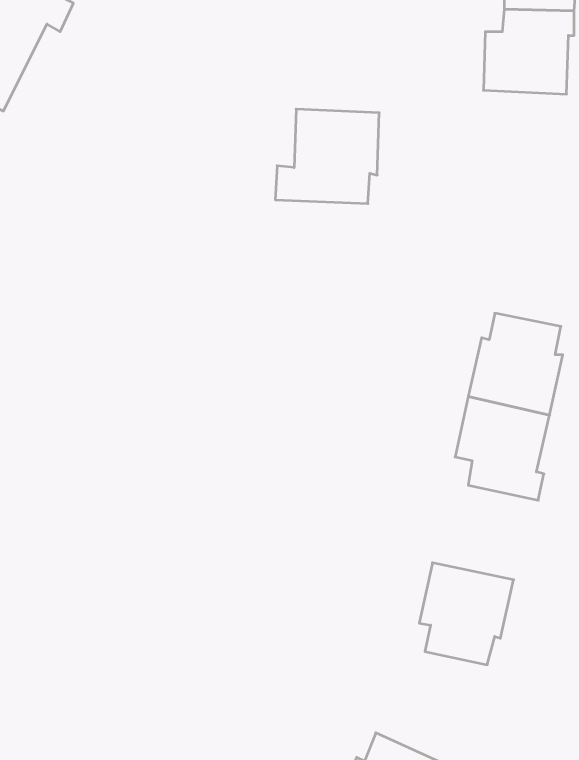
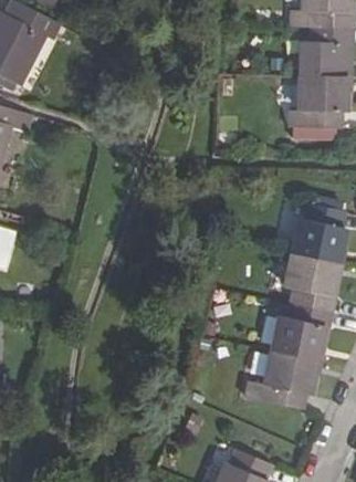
building: [275,109,379,204] -> [287,74,348,129]
building: none -> [270,305,332,360]

